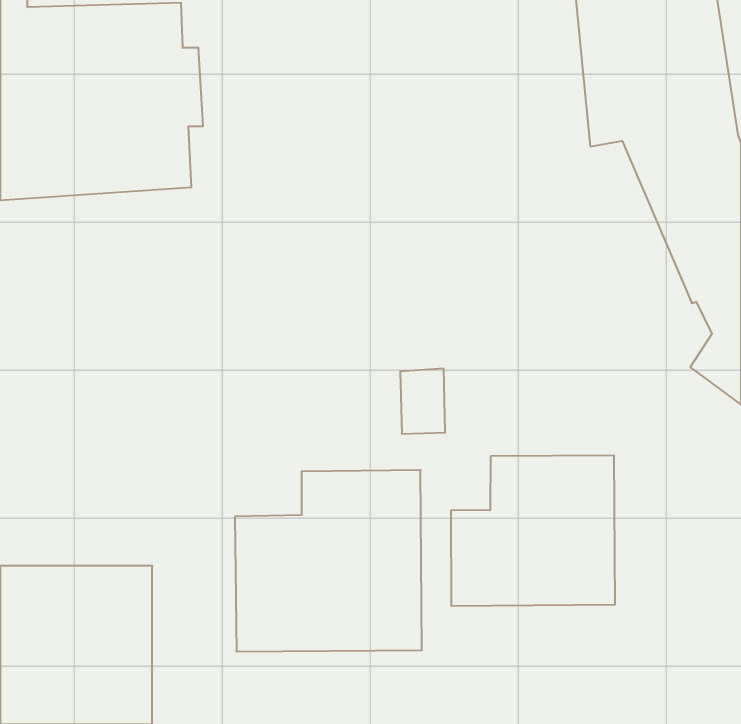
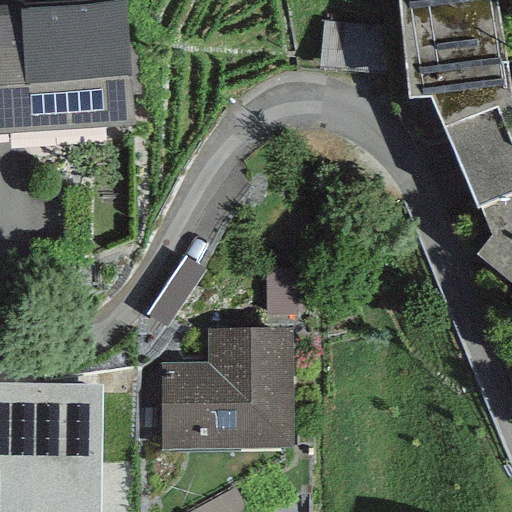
building: [451,455,615,606] -> none

